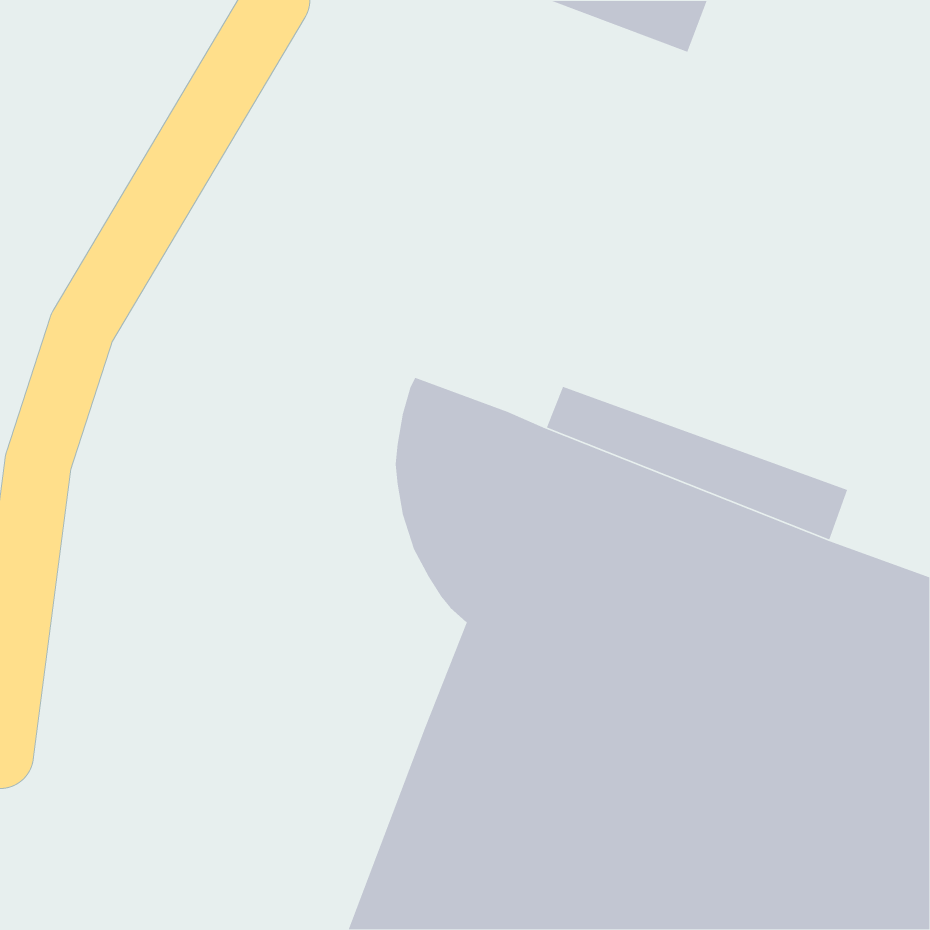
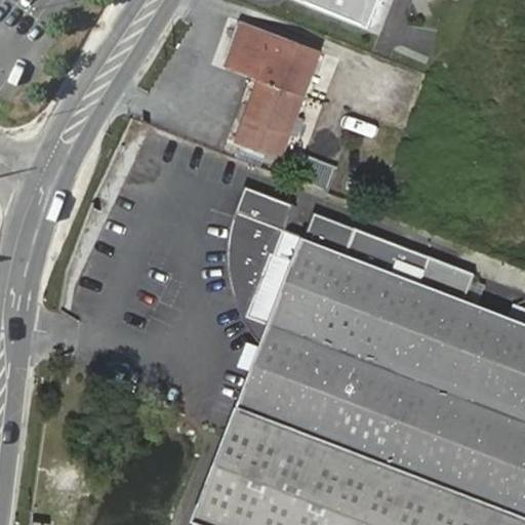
building: none -> [229,23,323,160]
building: none -> [234,188,295,232]

